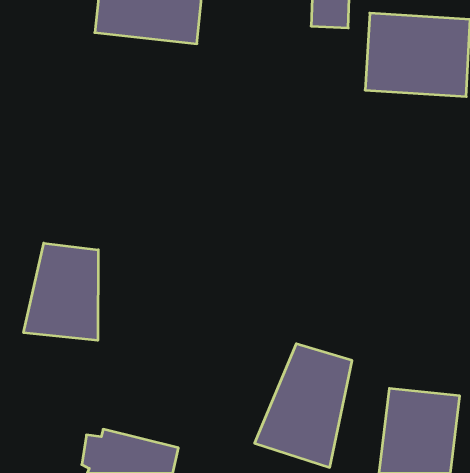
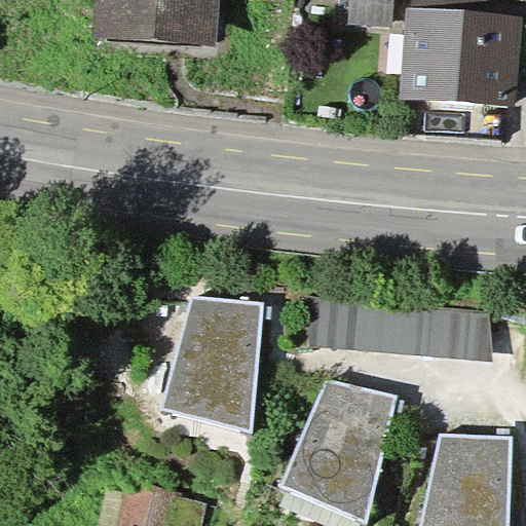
building: [24,243,98,340] -> none
building: none -> [312,295,500,362]
building: none -> [167,300,261,433]

